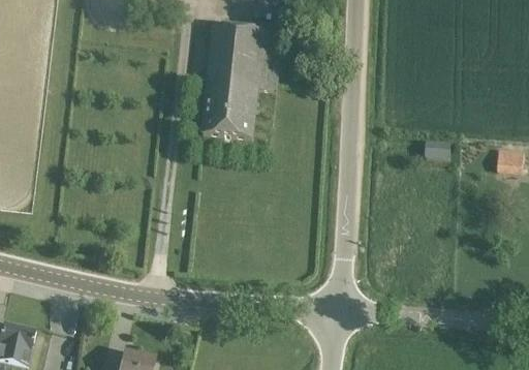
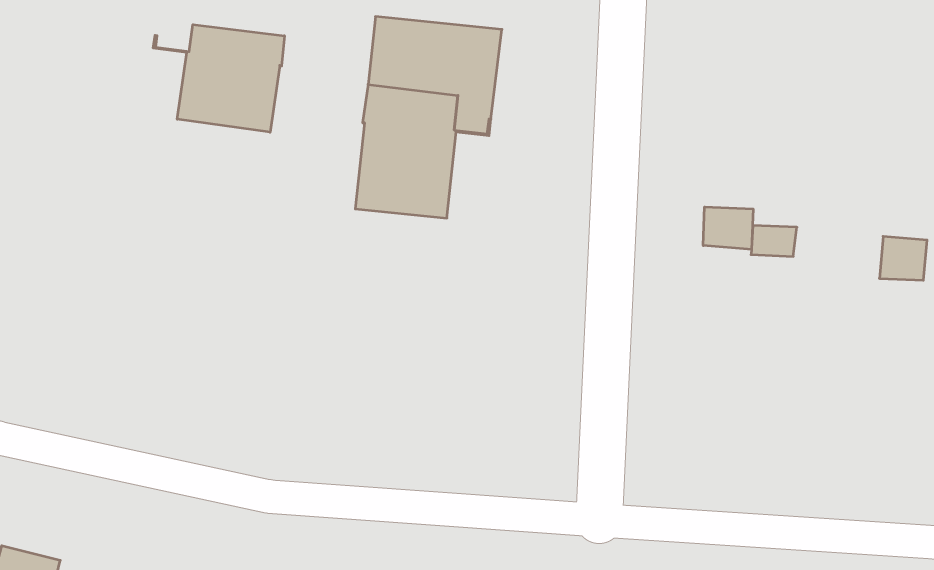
building: none -> [153,25,284,132]
building: none -> [703,207,753,249]

